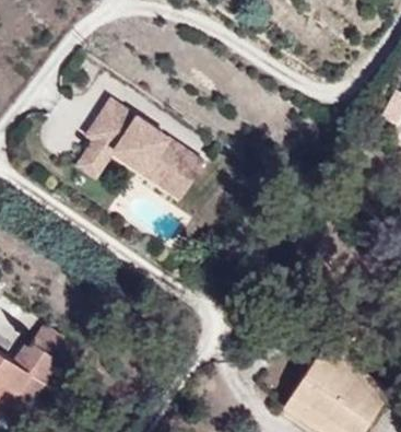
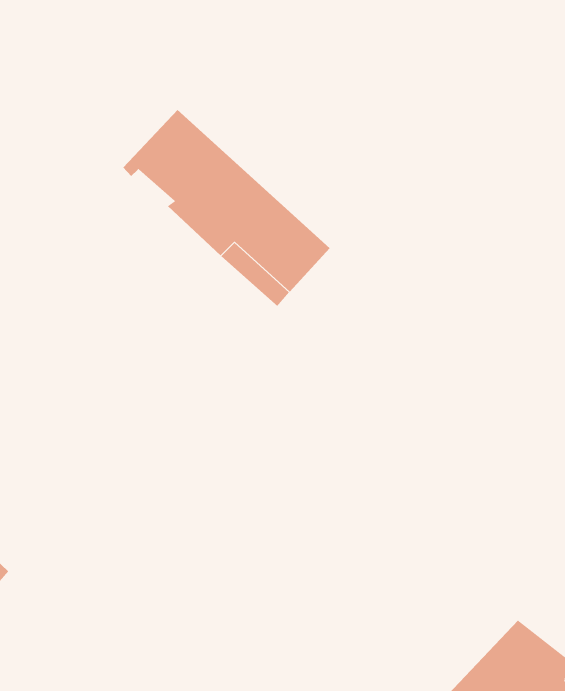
building: [70,131,114,176] -> none

